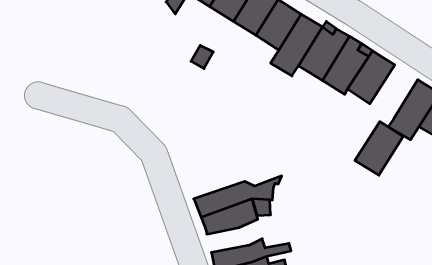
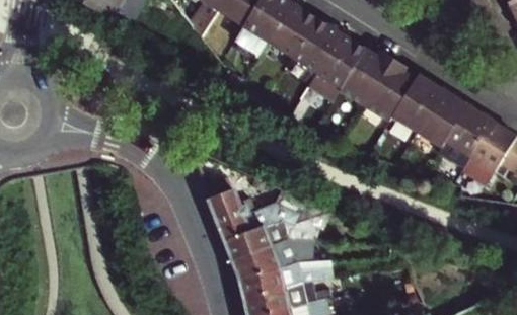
building: [355,122,403,175] -> [417,89,469,148]
building: none -> [210,187,326,236]
building: none -> [238,256,330,295]

